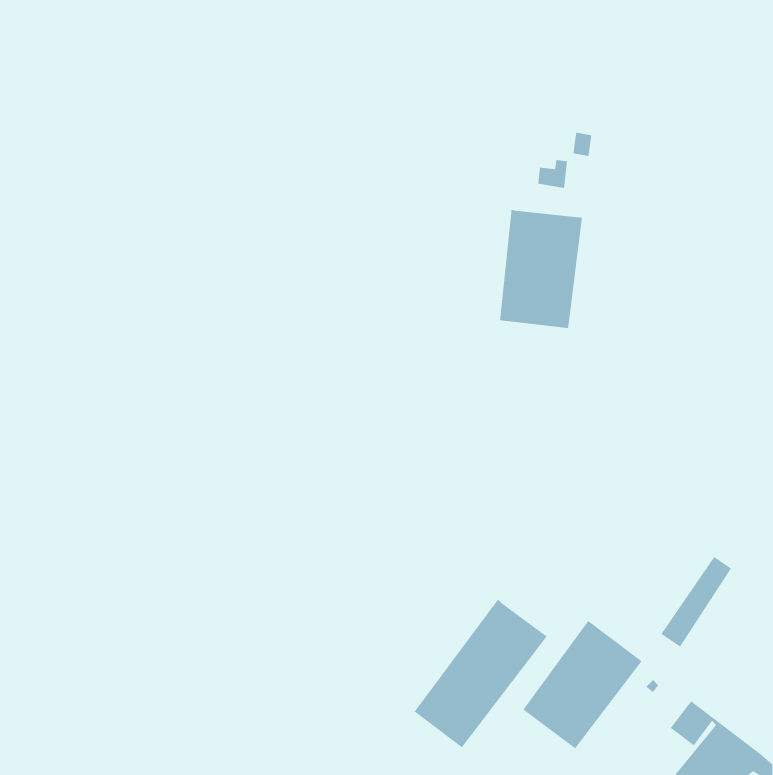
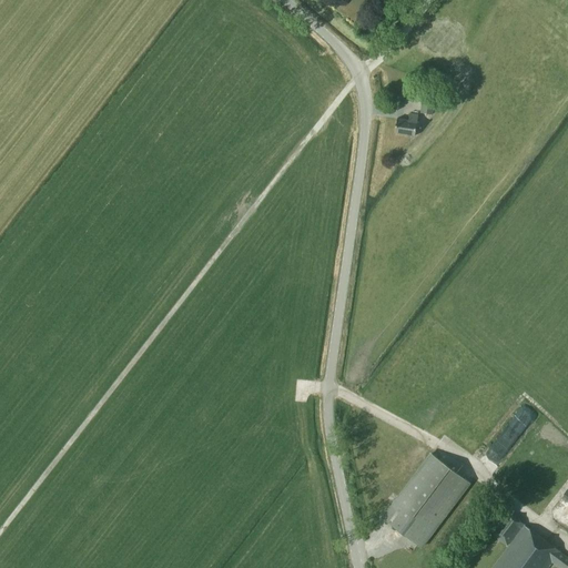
building: [500,209,583,329] -> none
building: [414,599,548,748] -> none

